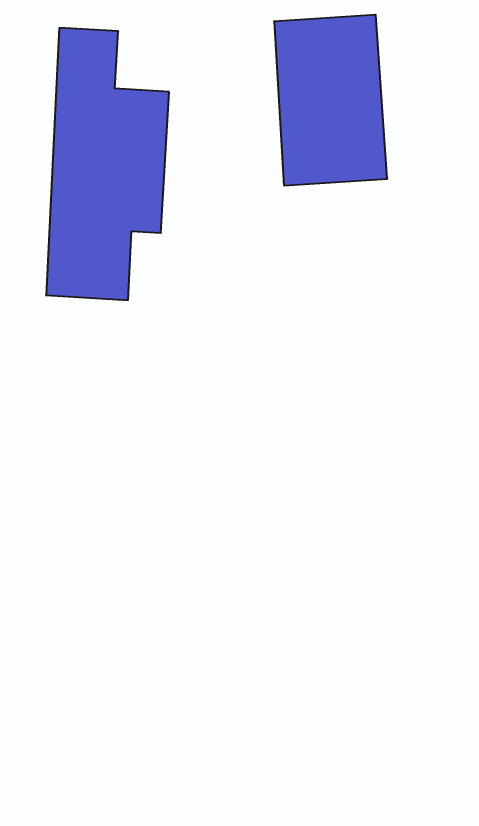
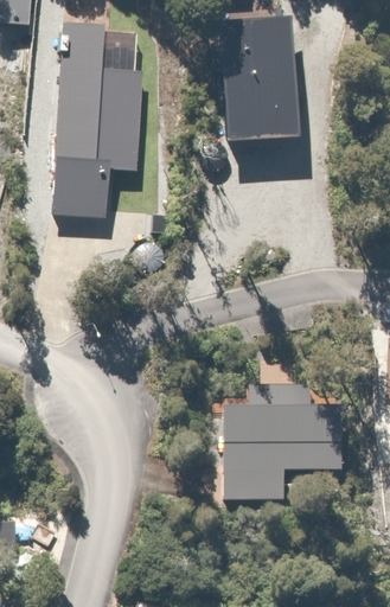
building: none -> [225,382,345,499]

